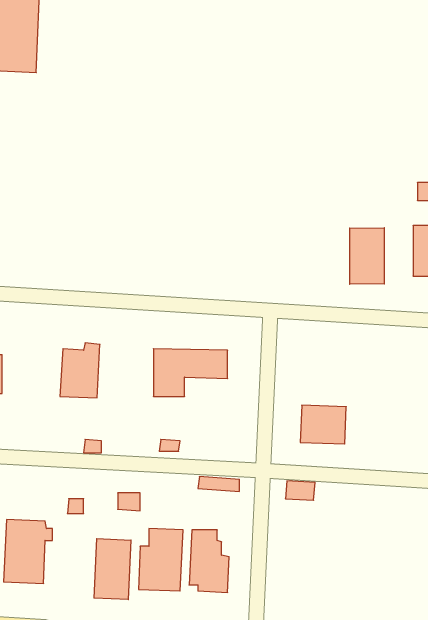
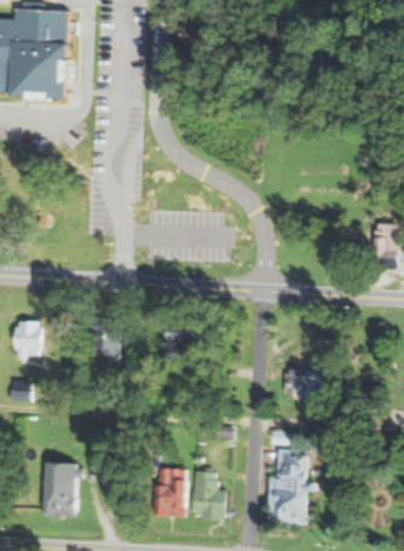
building: [350,228,384,284] -> none
building: none -> [267,449,315,522]
building: [94,539,131,600] -> none

